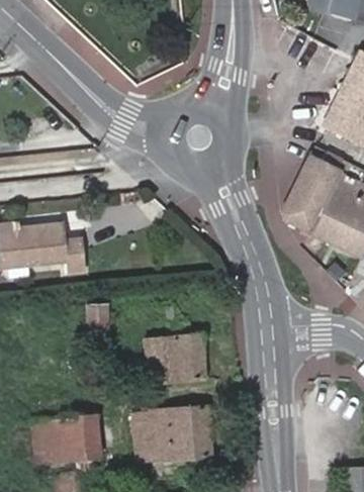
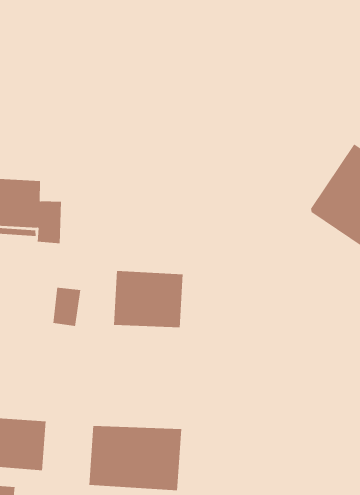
building: [147,334,205,384] -> [113,271,183,328]

